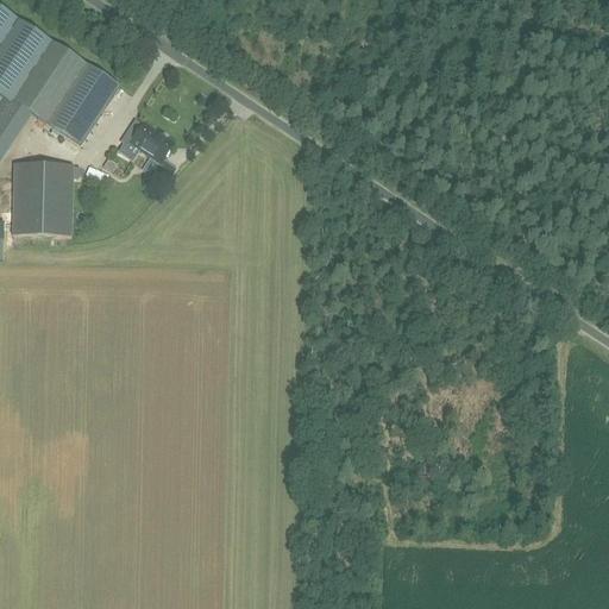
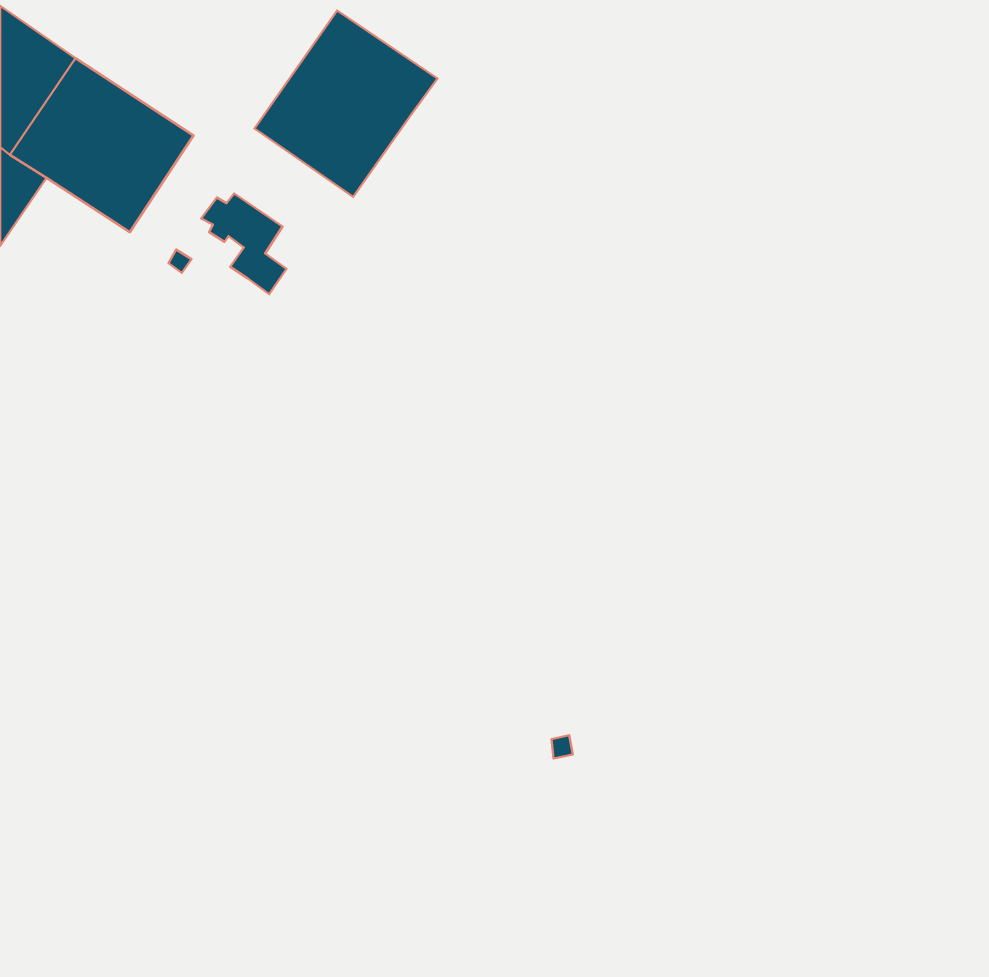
building: none -> [255,11,438,197]
building: [12,159,74,233] -> none

